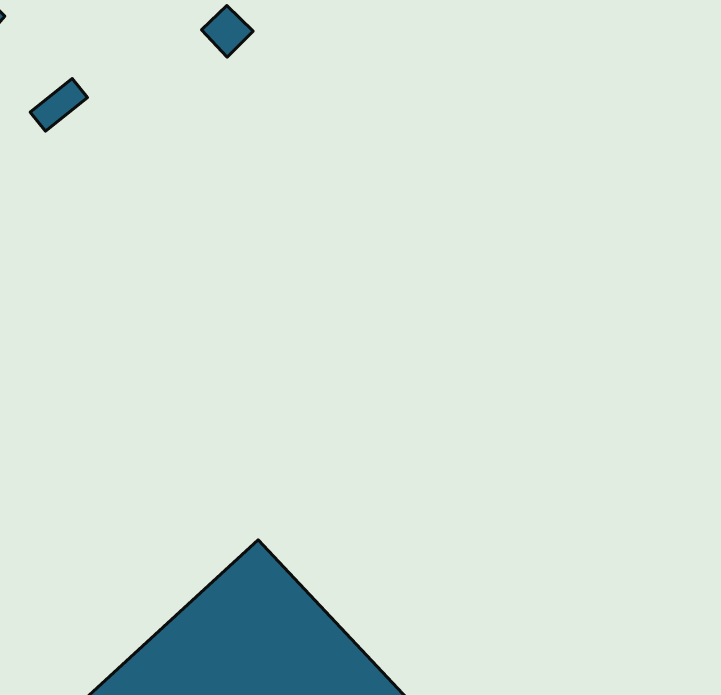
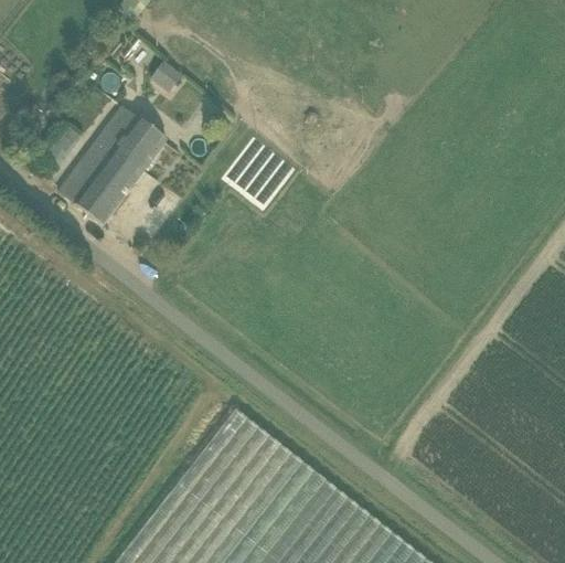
building: none -> [57,111,166,229]

